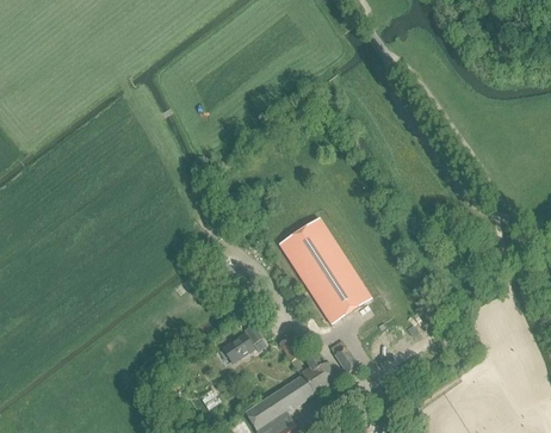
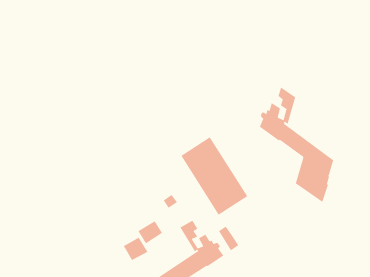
building: none -> [259,87,334,203]
building: none -> [123,237,148,261]

